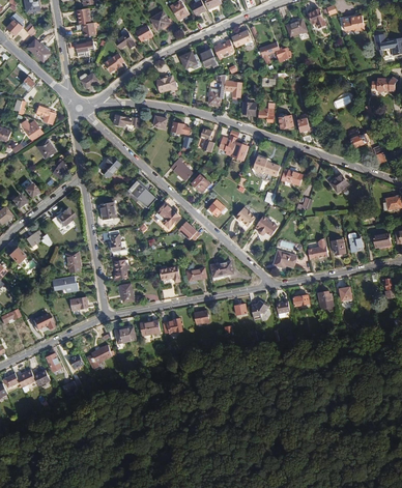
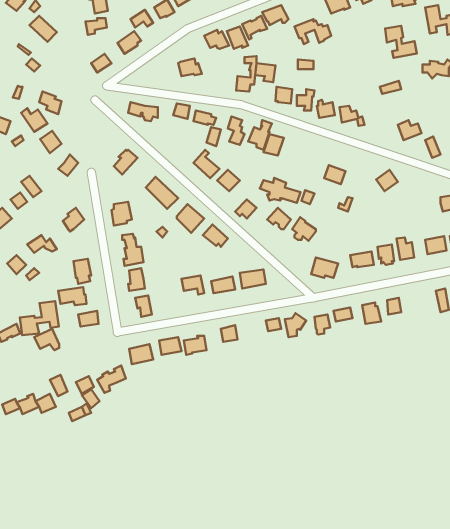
building: none -> [385,26,417,58]
building: [245,153,280,175] -> [260,178,300,203]
building: none -> [20,301,59,335]

